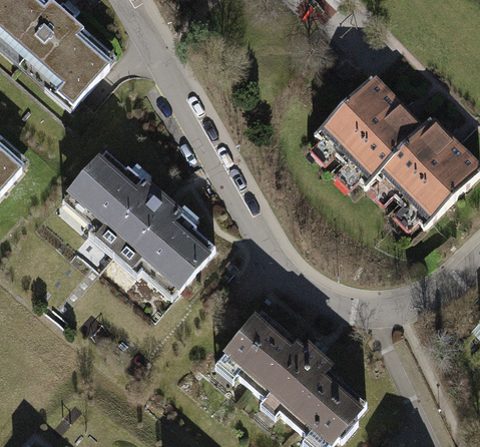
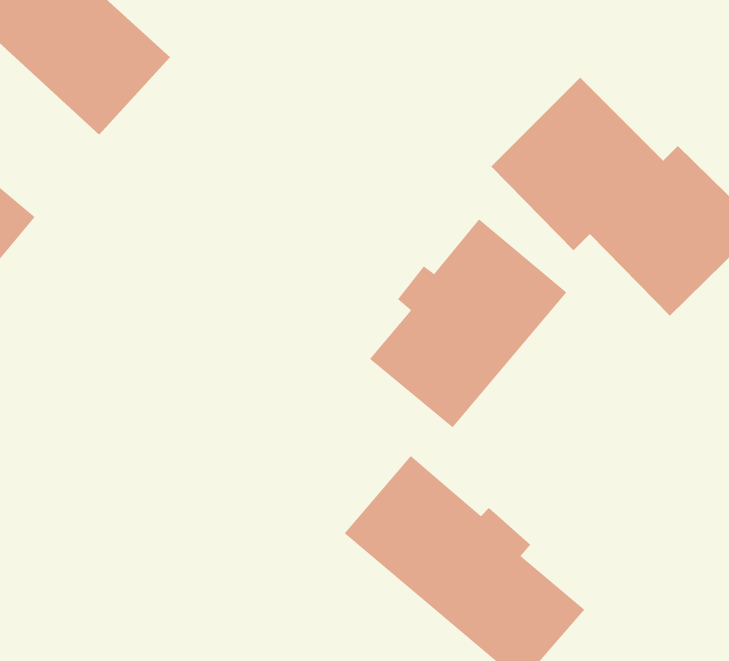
building: [65,156,220,303] -> none
building: none -> [369,219,567,428]

